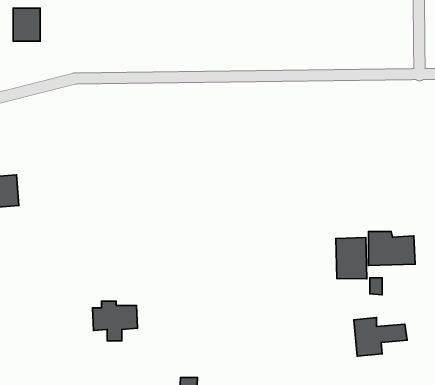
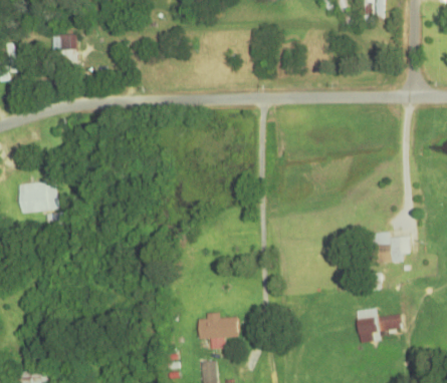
building: [336,238,367,279] -> none
building: [92,301,138,341] -> [198,314,238,349]

